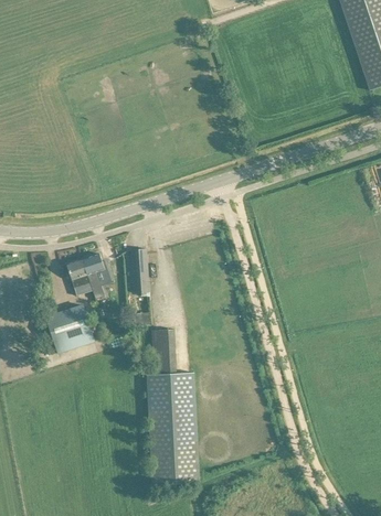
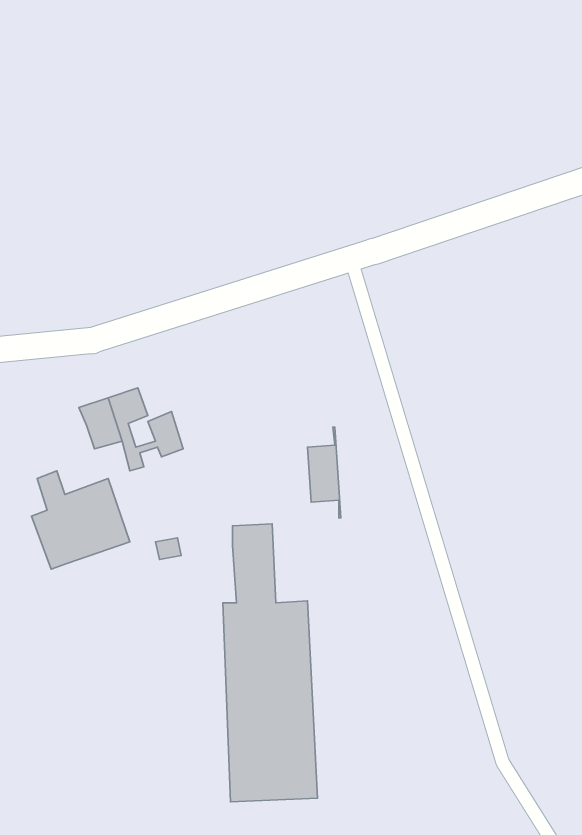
building: [131,250,150,301] -> [307,427,341,518]

